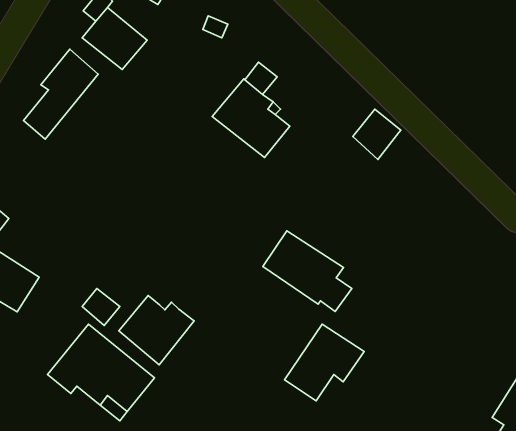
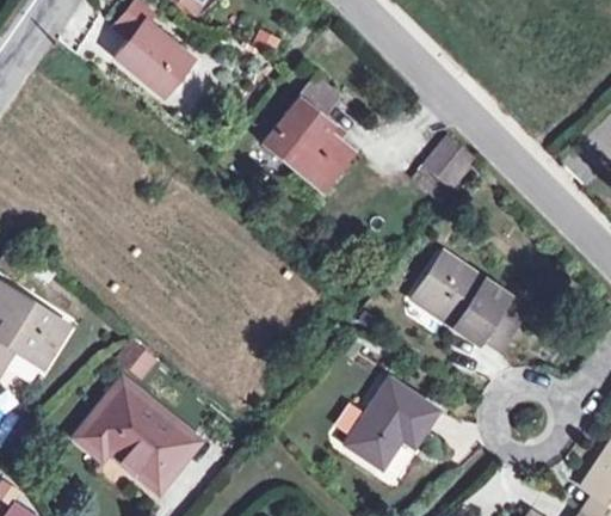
building: [23,49,98,139] -> none
building: [263,231,352,311] -> [414,257,516,349]
building: [119,295,194,365] -> none

